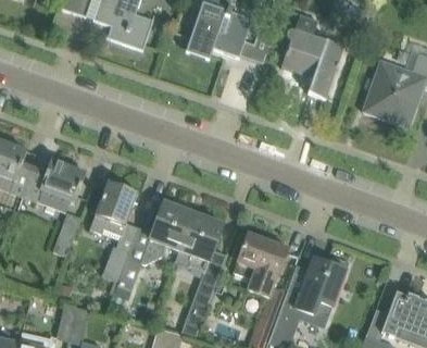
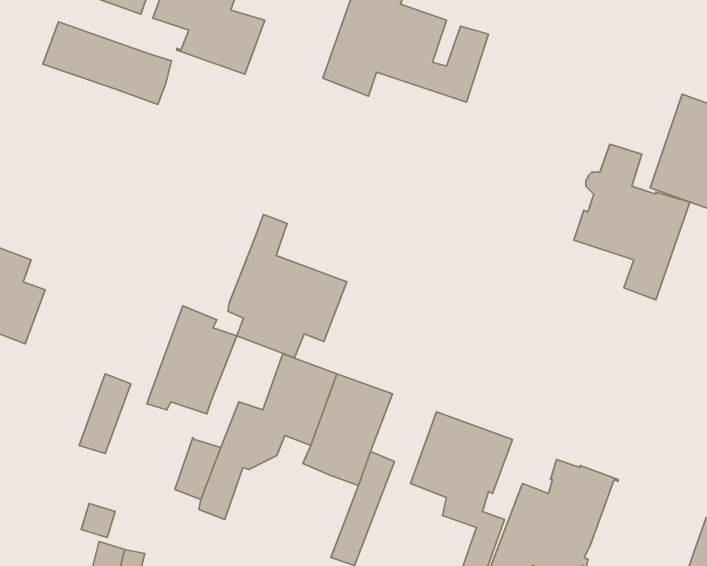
building: [280,14,343,99] -> [574,144,690,300]
building: none -> [43,22,172,104]
building: none -> [228,215,347,358]
building: [23,159,86,203] -> none

